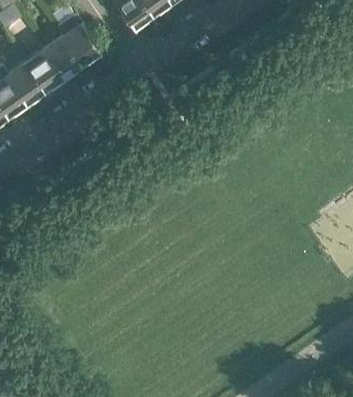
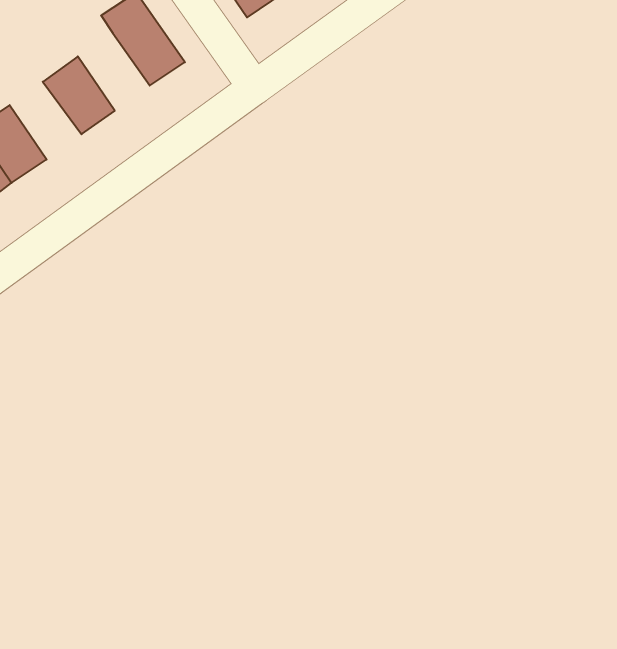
building: [44,38,82,80] -> none
building: [7,64,46,106] -> none

